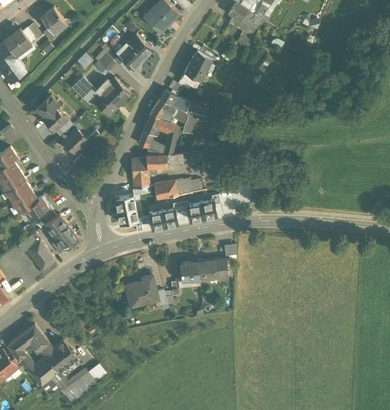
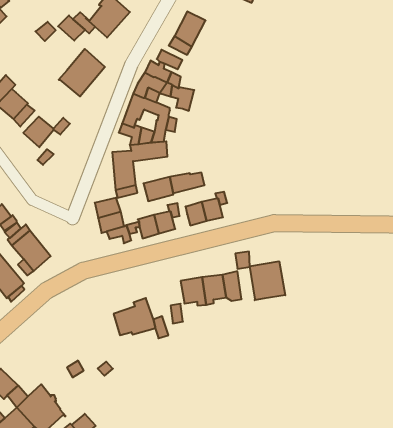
building: [71,76,99,104] -> none
building: none -> [250,261,285,300]

